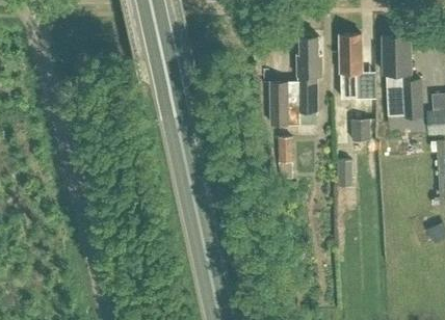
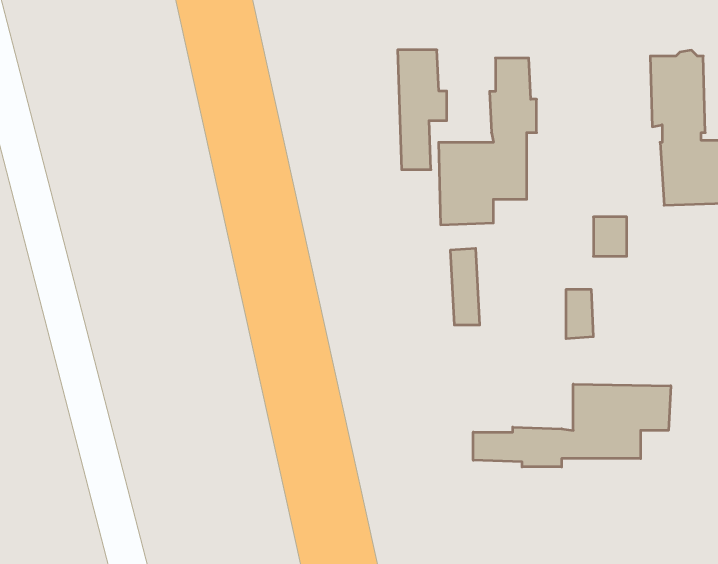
building: [340,34,366,98] -> [398,50,447,170]
building: none -> [473,384,671,467]

